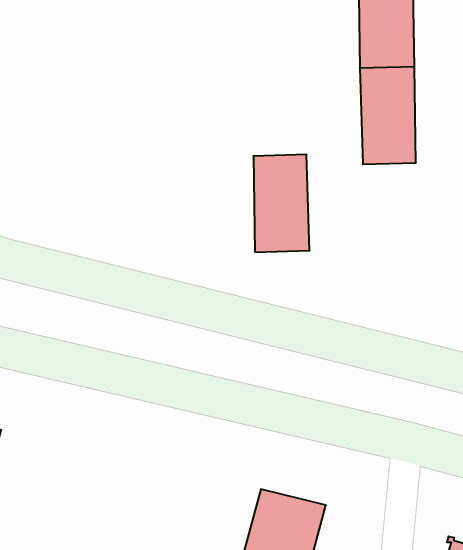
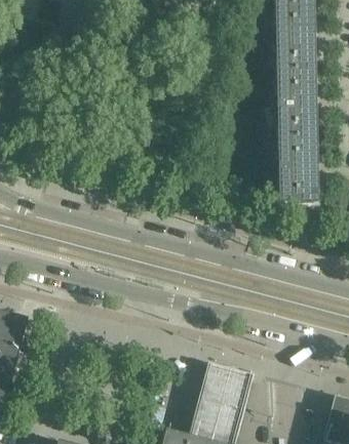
building: [253,155,310,252] -> [278,137,317,205]

